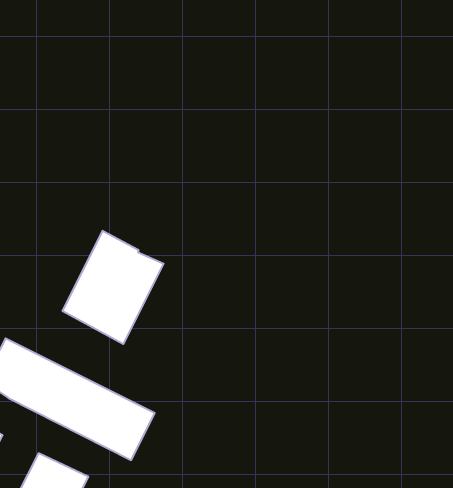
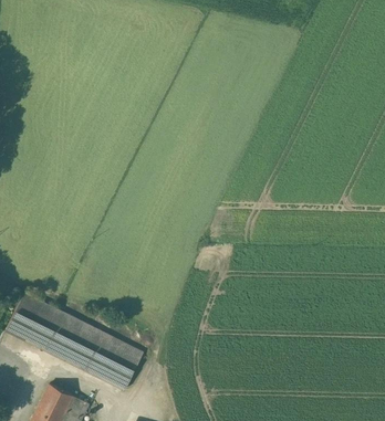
building: [63,231,164,344] -> none

